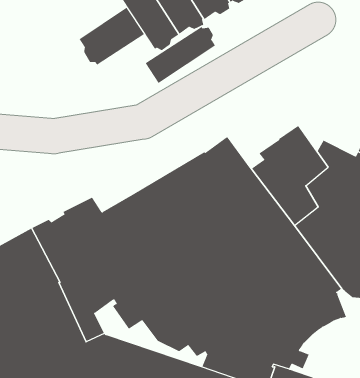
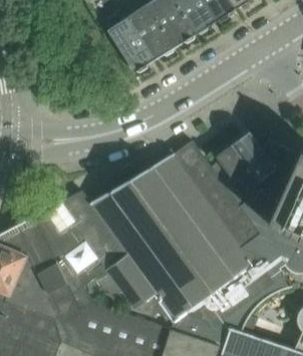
building: [79,7,145,65] -> none
building: [145,26,216,84] -> none

